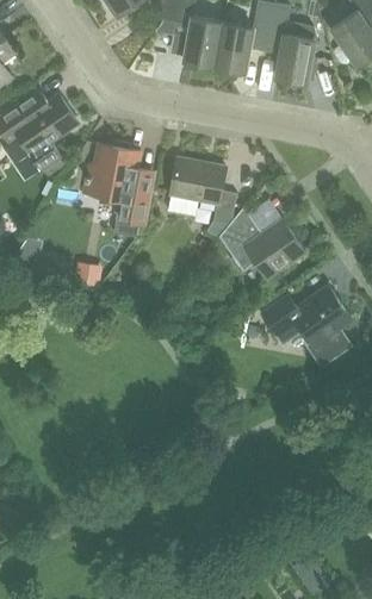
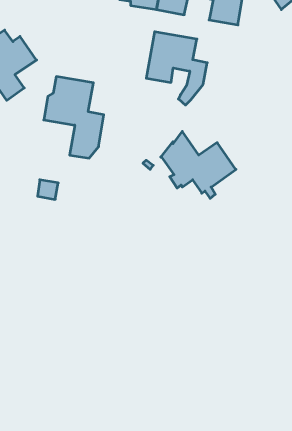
building: [167,157,237,242] -> [146,32,207,105]
building: [260,286,352,367] -> none

